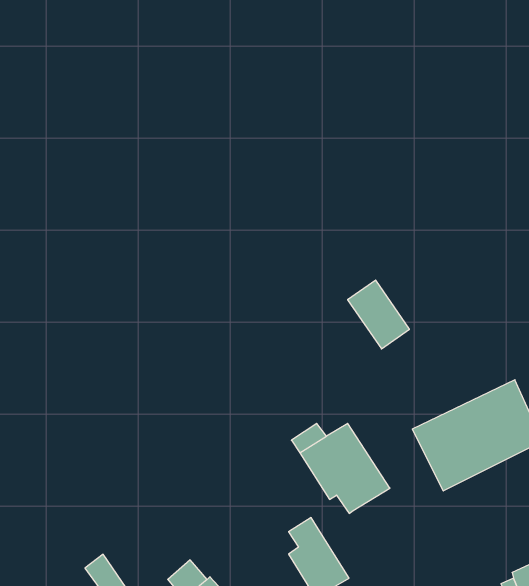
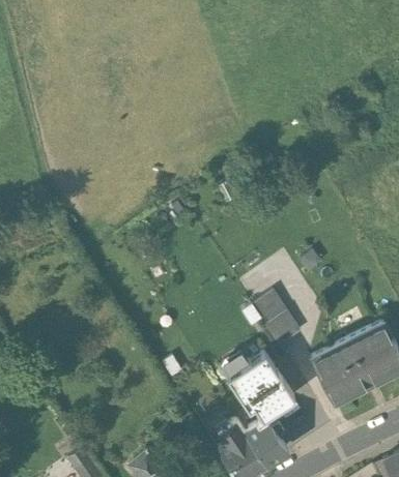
building: [348,280,409,349] -> [253,294,298,345]
building: none -> [240,419,288,469]

